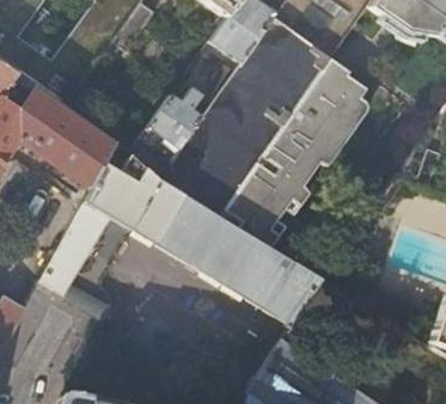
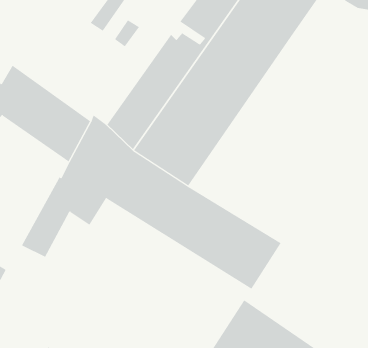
building: [224,57,373,249] -> none

